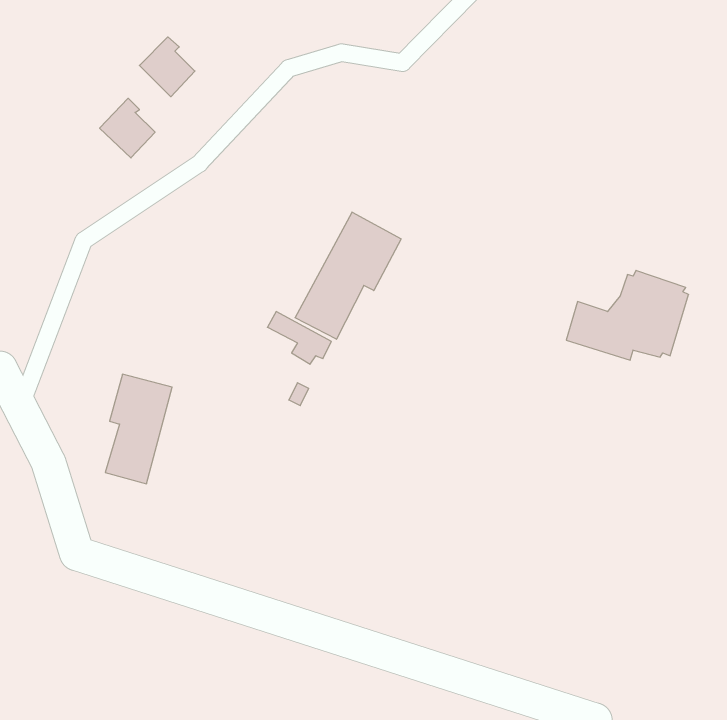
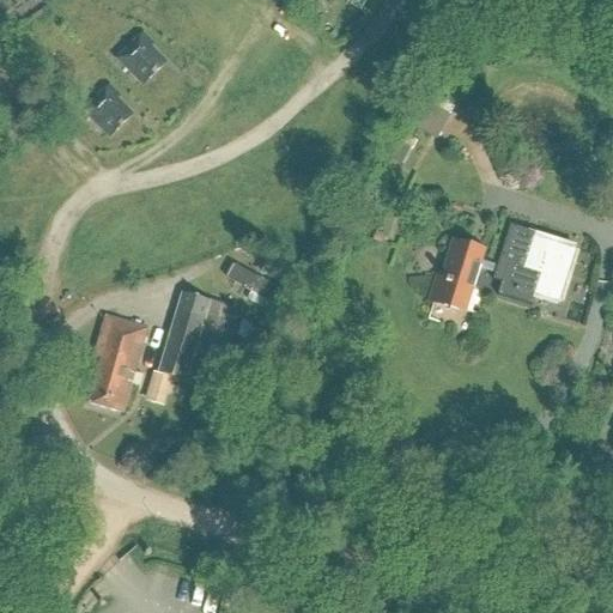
building: [295,212,401,339] -> none
building: none -> [430,237,485,309]
building: none -> [142,289,237,405]

